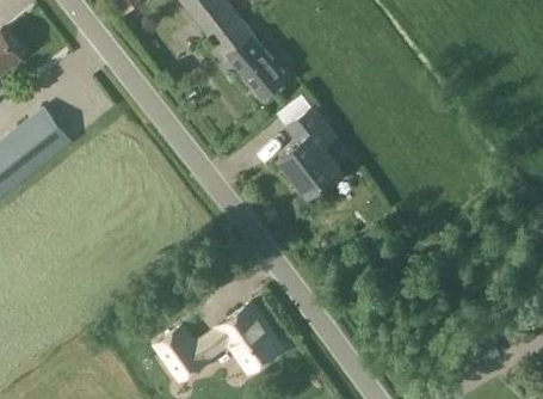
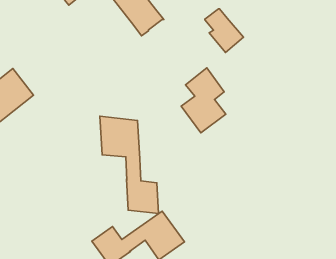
building: [234,38,288,99] -> [205,9,244,53]
building: none -> [100,116,159,214]

